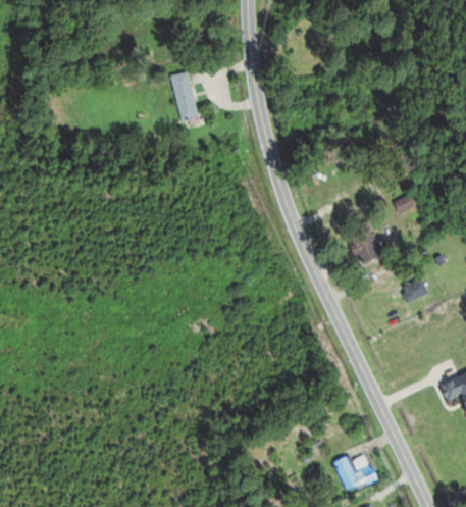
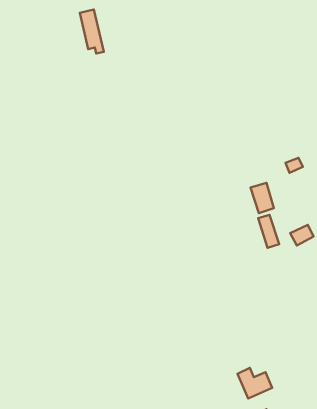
building: [170,71,200,125] -> [80,10,104,53]
building: none -> [258,215,279,248]

